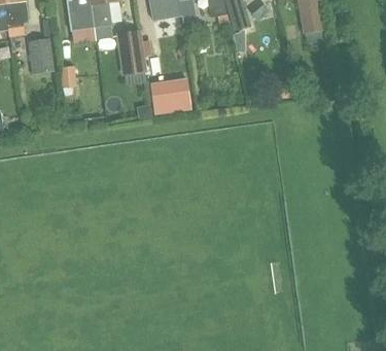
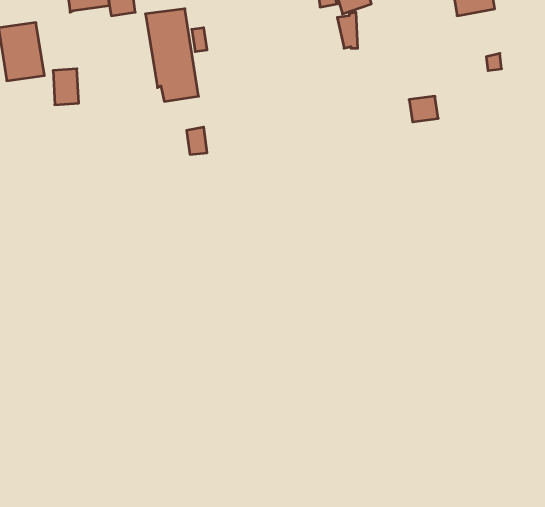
building: [151,79,191,113] -> none

